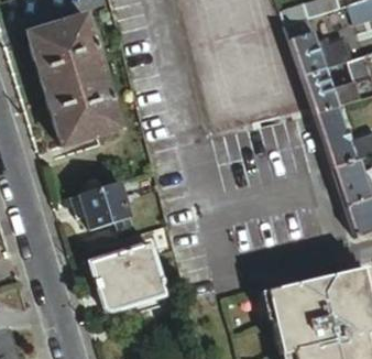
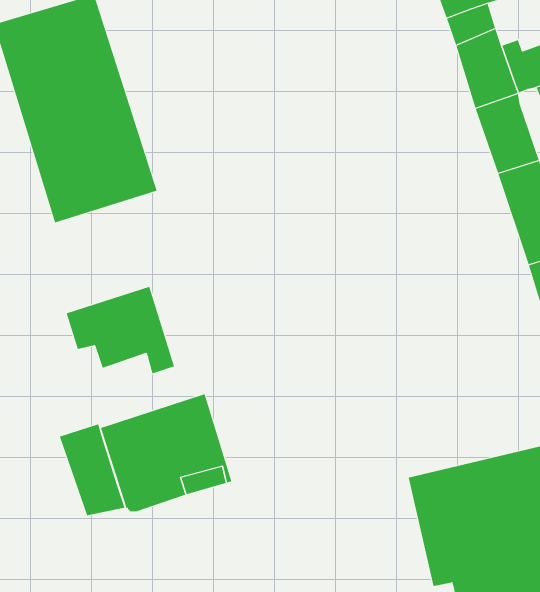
building: none -> [59,424,125,516]

